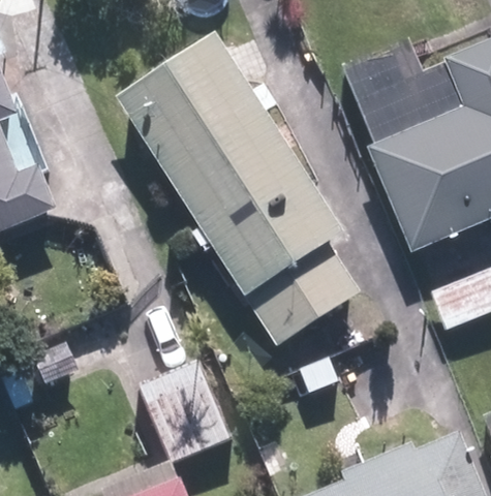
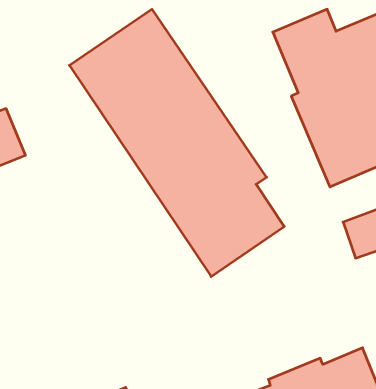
building: [140,354,243,459] -> none

